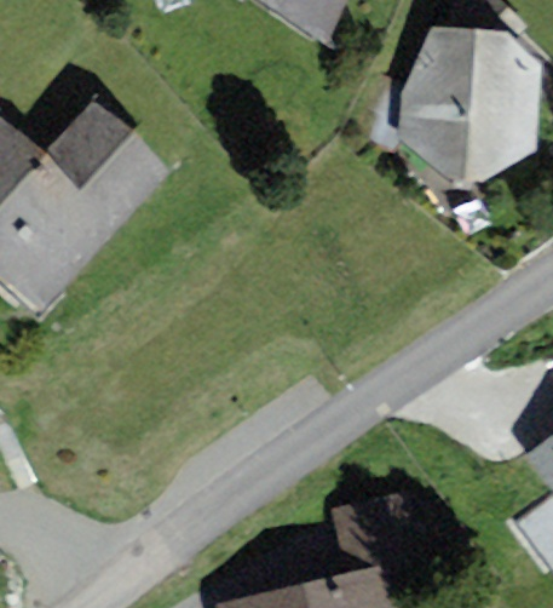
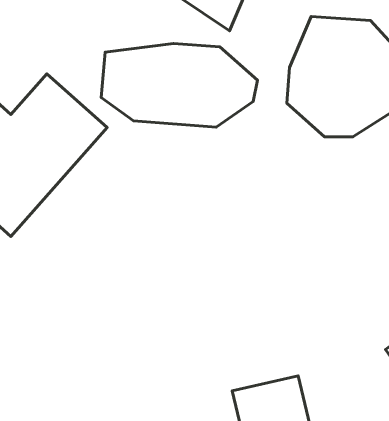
building: none -> [101,44,257,127]

